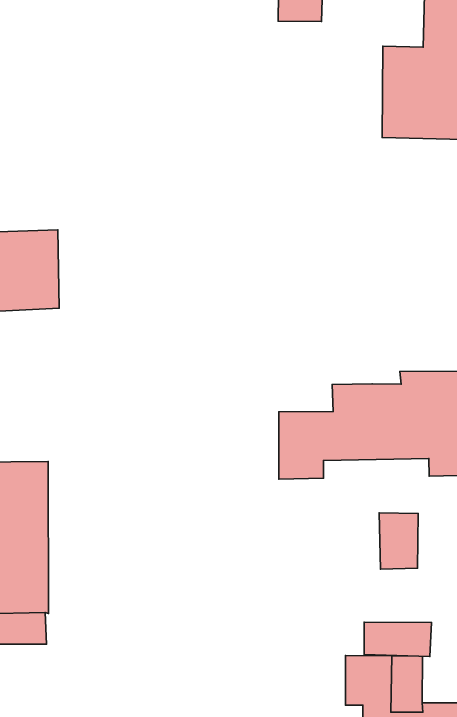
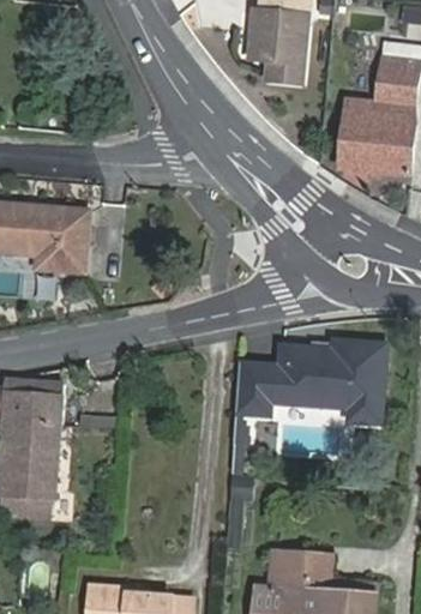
building: [379,513,418,569] -> none
building: [364,622,432,656] -> none

